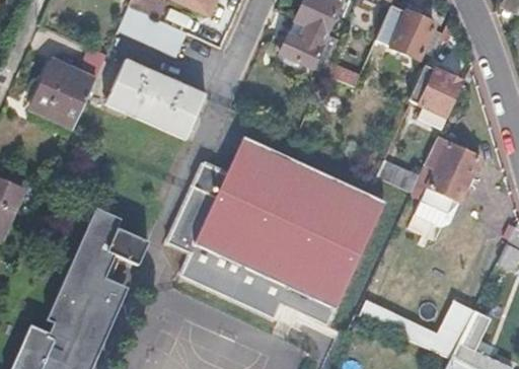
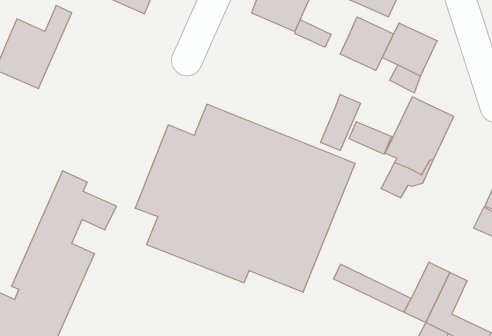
building: none -> [340,17,393,70]
building: [105,59,204,138] -> none
building: none -> [321,94,361,150]

